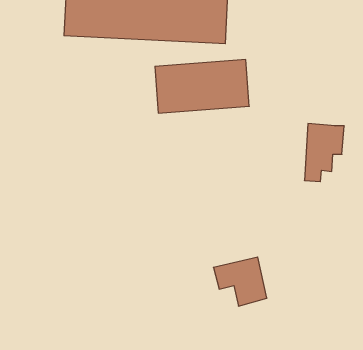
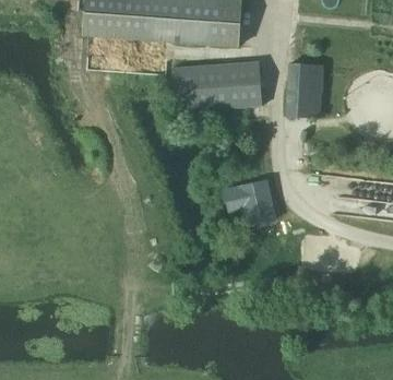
building: [304,124,344,182] -> [286,62,324,118]
building: [213,257,267,306] -> [224,180,275,227]

